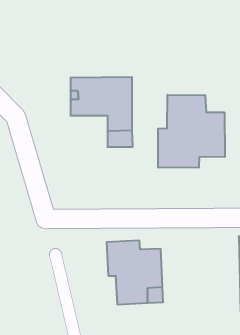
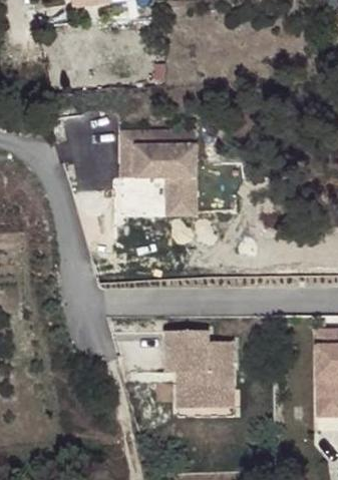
building: [158,95,225,168] -> none

